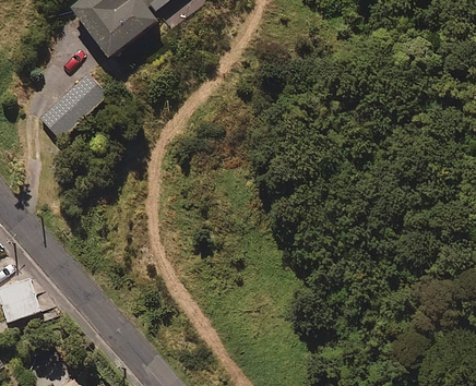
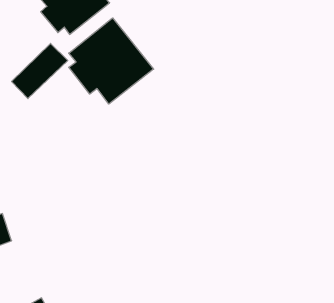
building: none -> [69,18,154,104]

